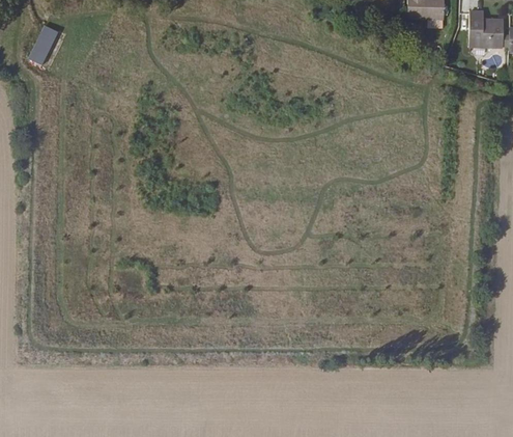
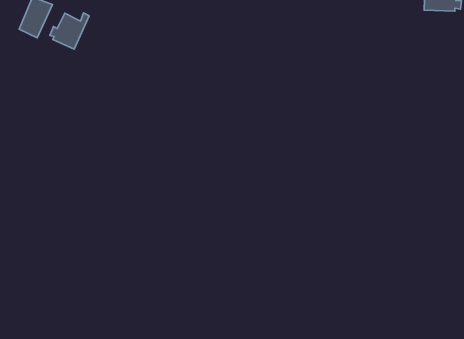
building: none -> [50,13,89,49]

